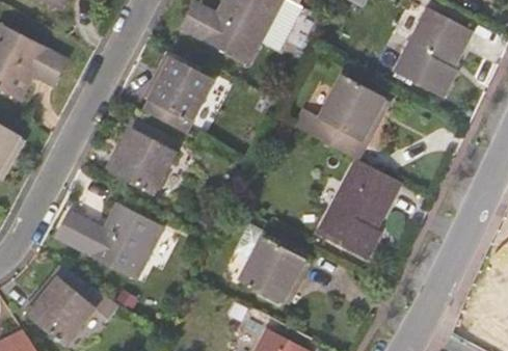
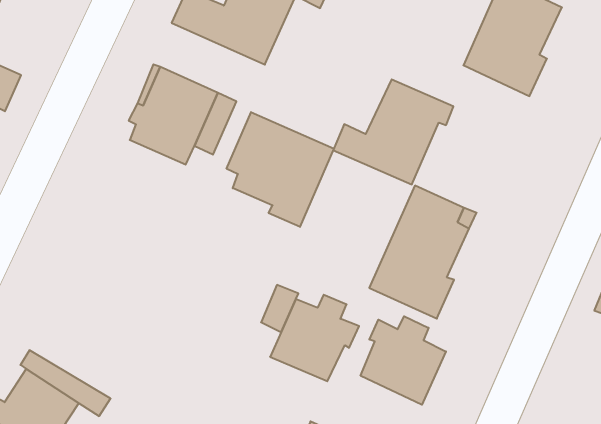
building: none -> [227,112,334,227]
building: [108,130,177,193] -> none
building: [56,207,162,278] -> none
building: none -> [361,316,446,405]

